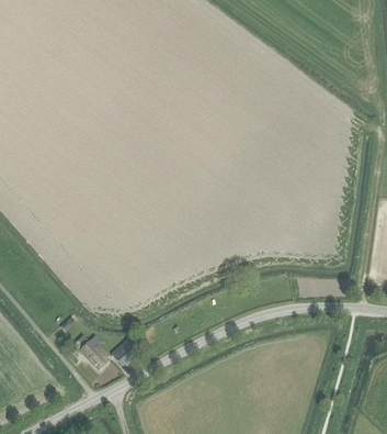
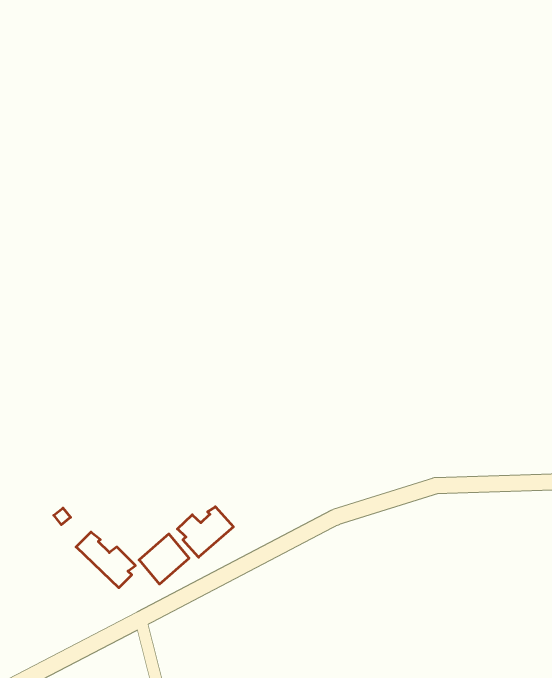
building: none -> [177,507,233,557]

